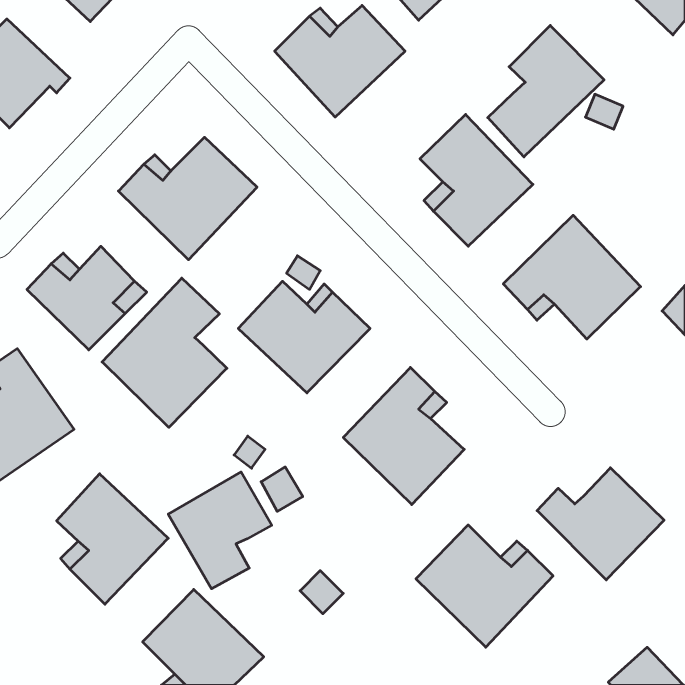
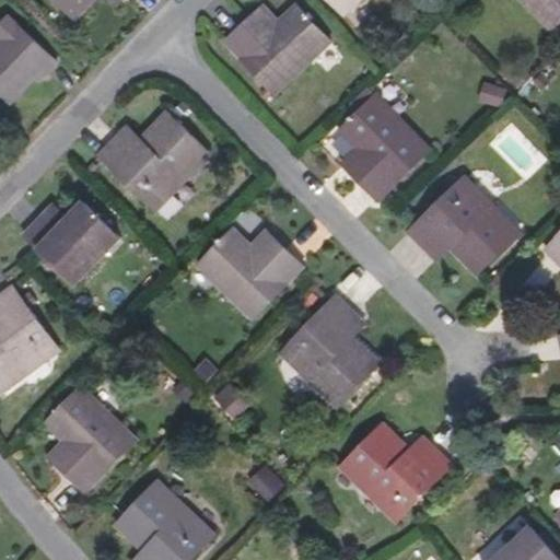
building: [488,25,604,157] -> none
building: [102,278,227,427] -> none
building: [537,468,664,580] -> none
building: [168,472,272,589] -> none

